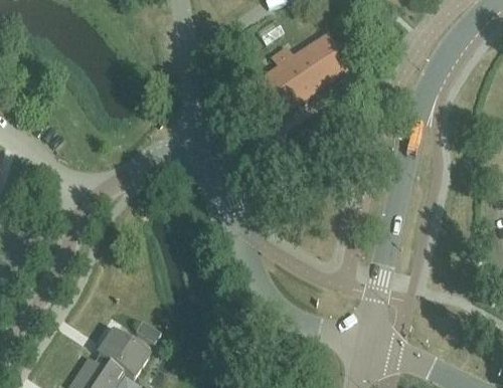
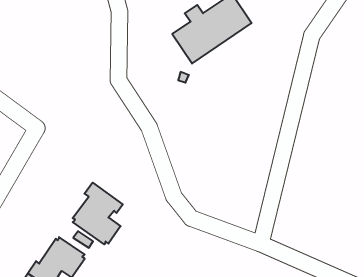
building: none -> [73,183,123,244]

